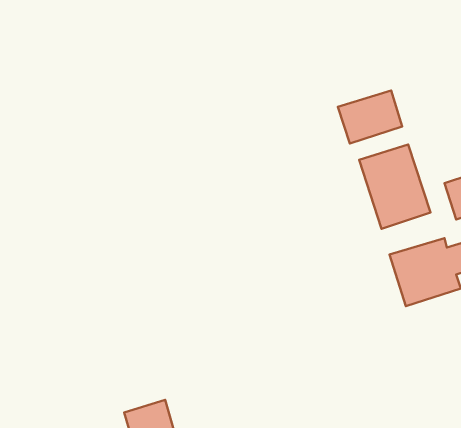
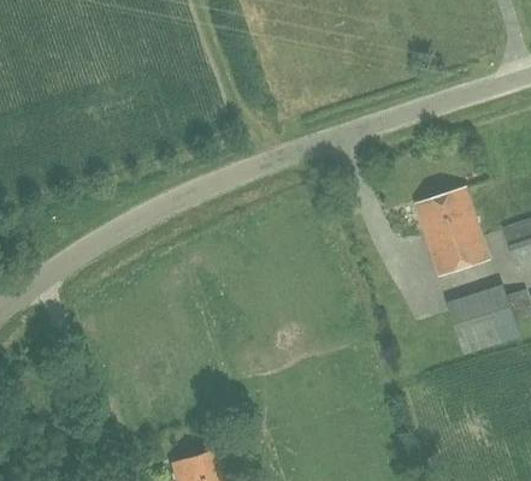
building: [338,91,402,143] -> none

